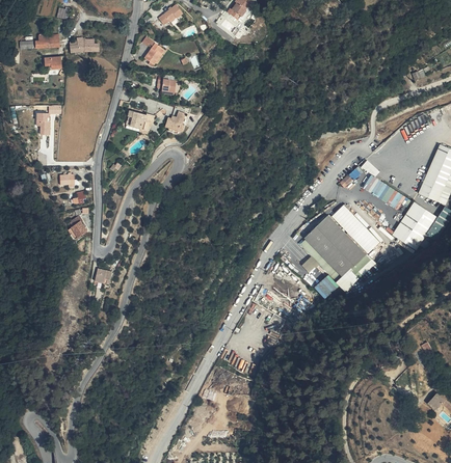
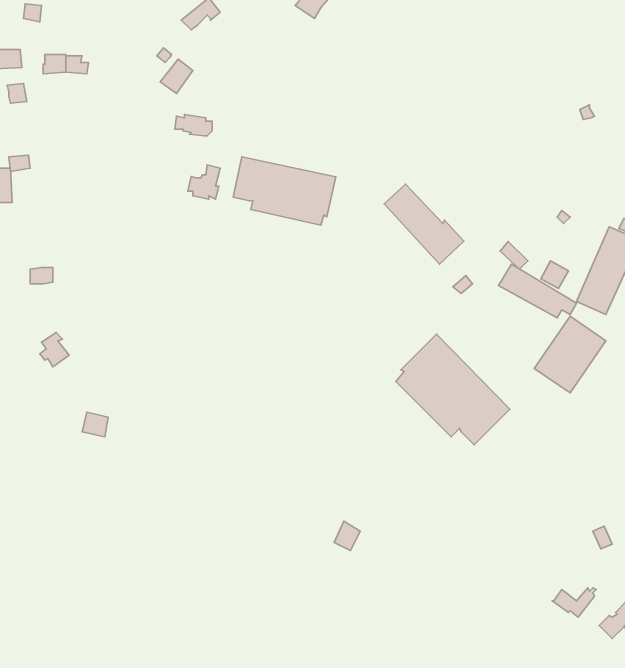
building: none -> [233,157,336,225]
building: [125,110,153,136] -> none
building: [333,202,383,253] -> [384,184,464,264]

